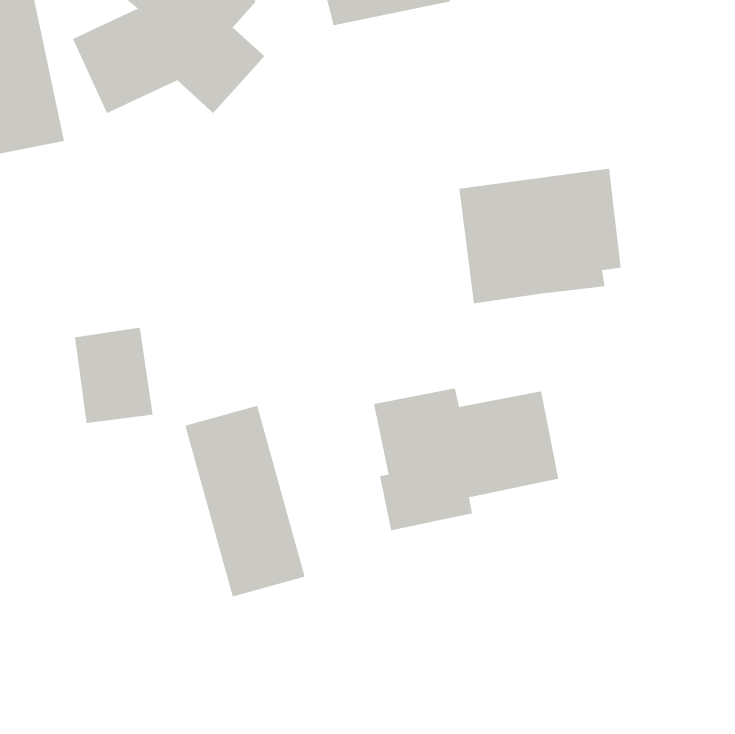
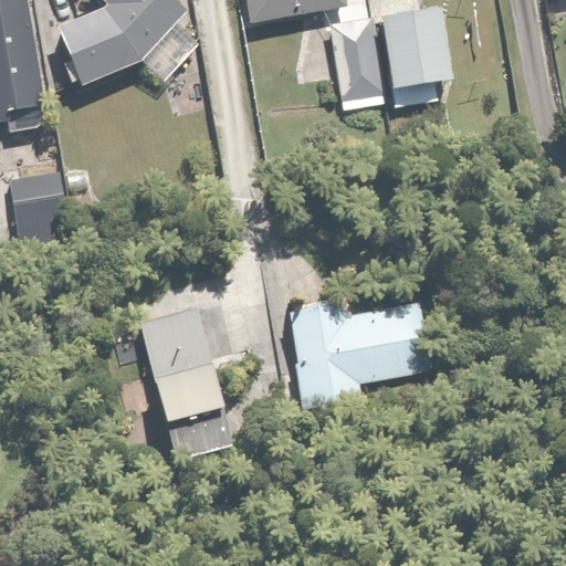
building: [459,168,622,304] -> [328,8,453,112]
building: [74,327,153,424] -> [7,170,67,244]

